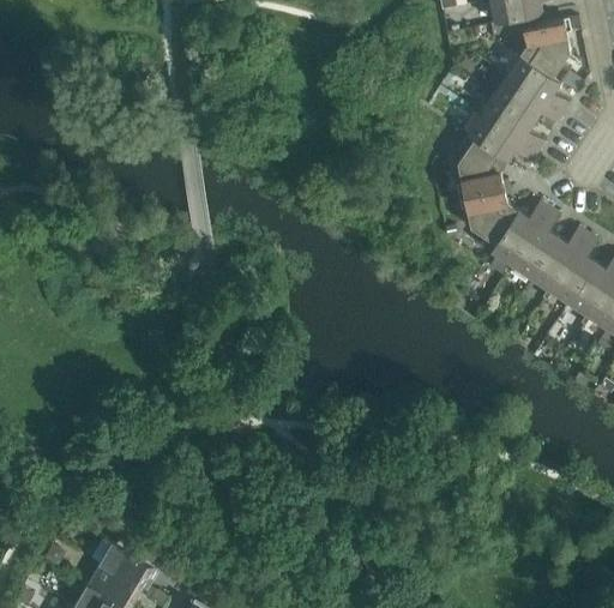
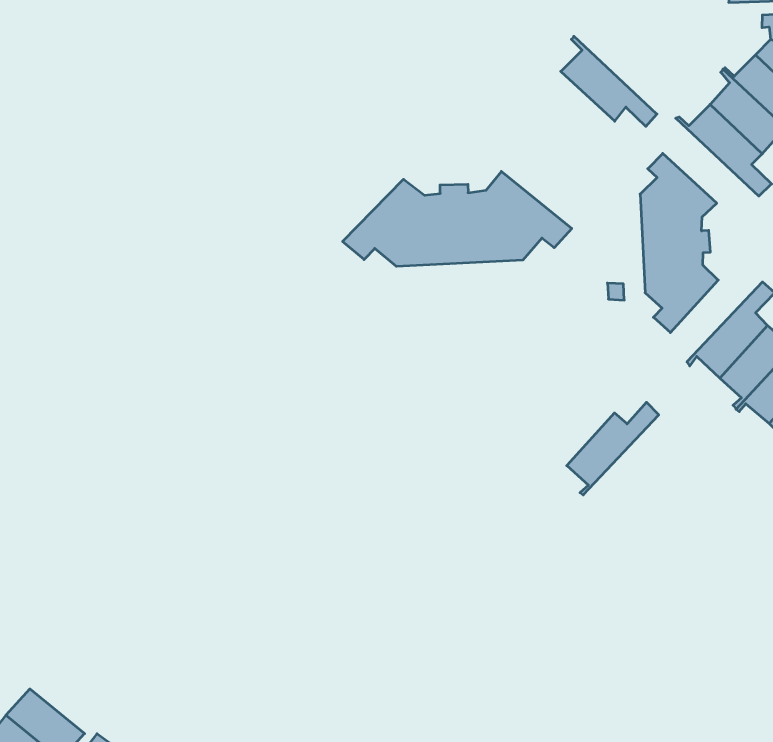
building: [468,108,537,161] -> [561,36,657,126]
building: none -> [343,171,572,266]
building: [493,201,549,271] -> [567,402,659,495]
building: [101,542,155,589] -> none

